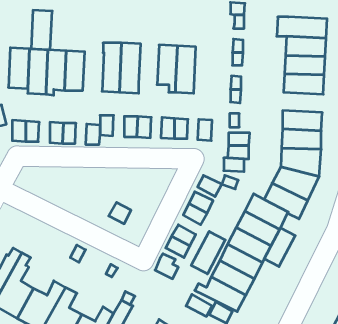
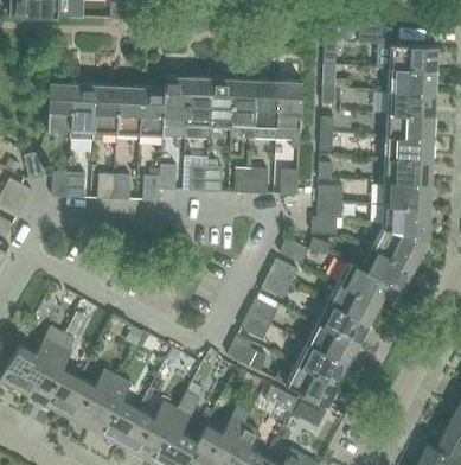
building: [31,10,52,50] -> [139,87,165,135]
building: none -> [207,77,232,127]
building: none -> [275,81,302,147]
building: none -> [384,136,434,161]
building: [264,228,295,267] -> none
building: [191,231,225,274] -> none

